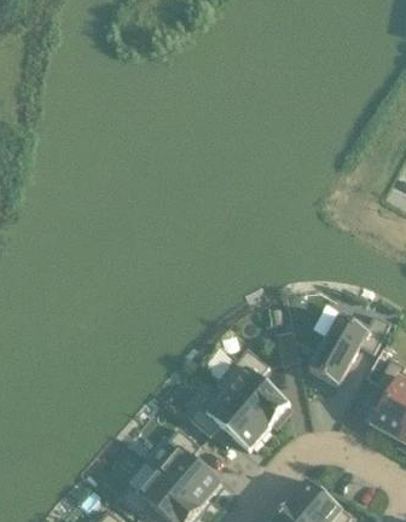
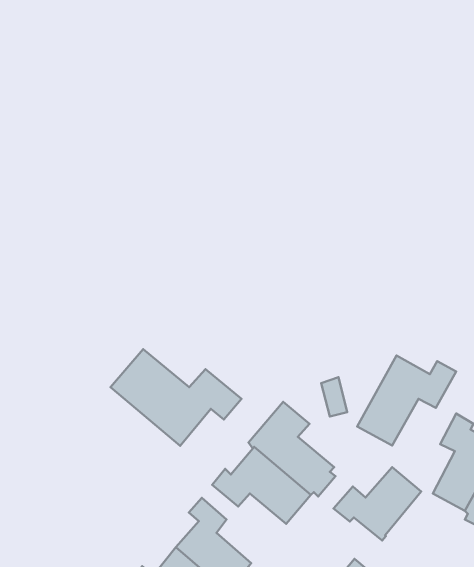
building: none -> [111,349,241,446]
building: none -> [334,467,421,540]

